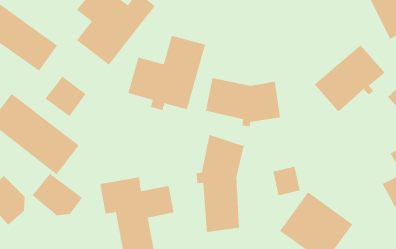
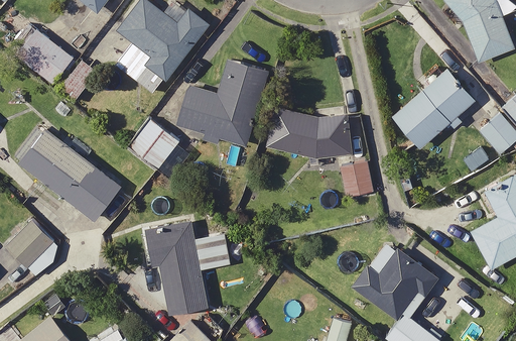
building: [45,76,86,117] -> [130,121,178,168]
building: [196,134,244,233] -> none
building: [272,166,300,196] -> [341,162,373,197]
building: [32,172,83,216] -> none

